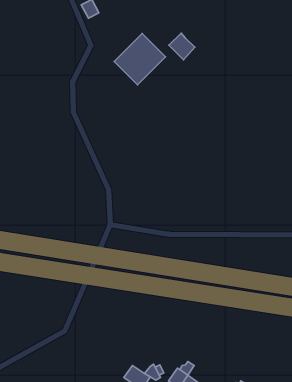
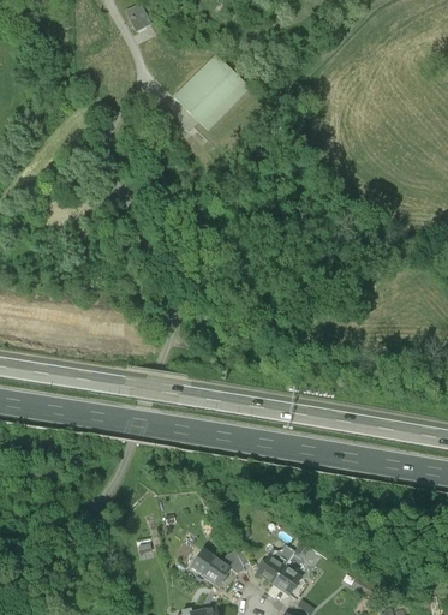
building: [169,33,195,60] -> none

